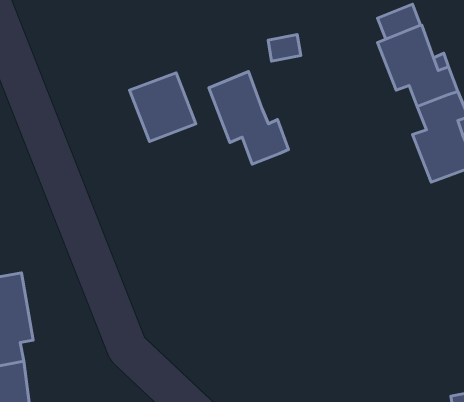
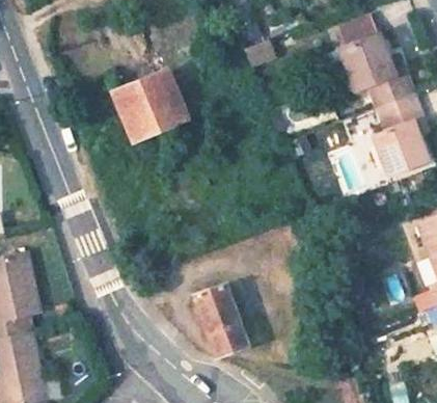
building: [209,72,289,164] -> none
building: none -> [190,283,250,360]

